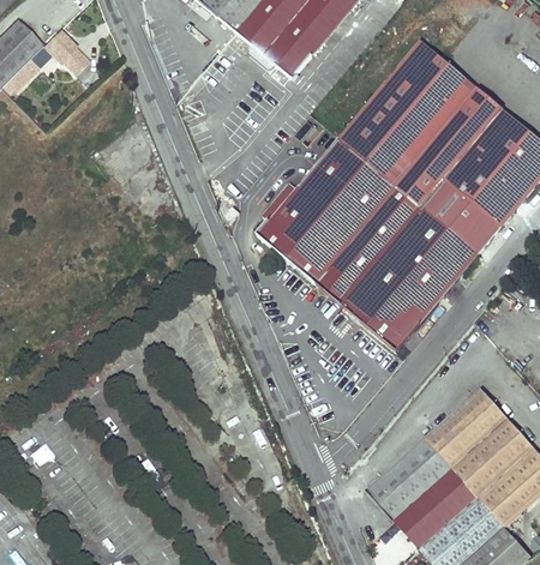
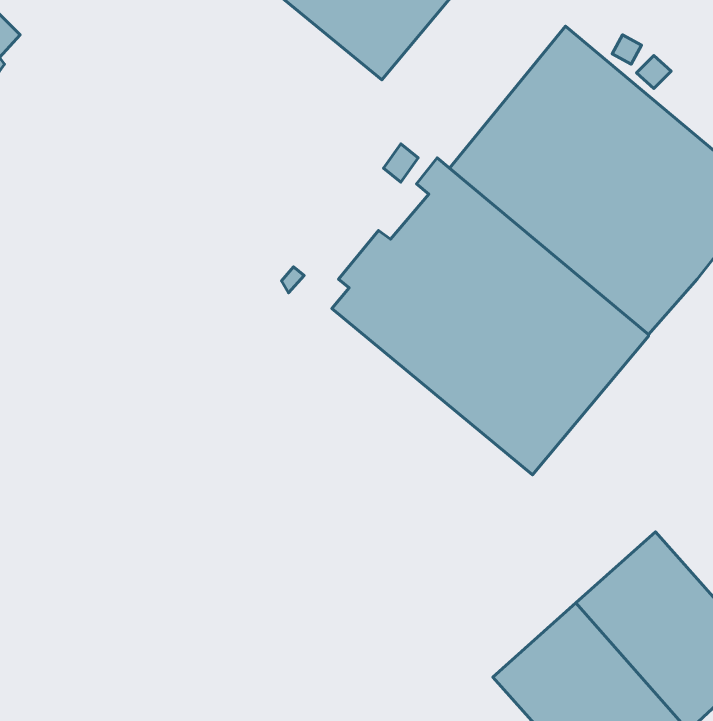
building: [43,32,88,73] -> none

